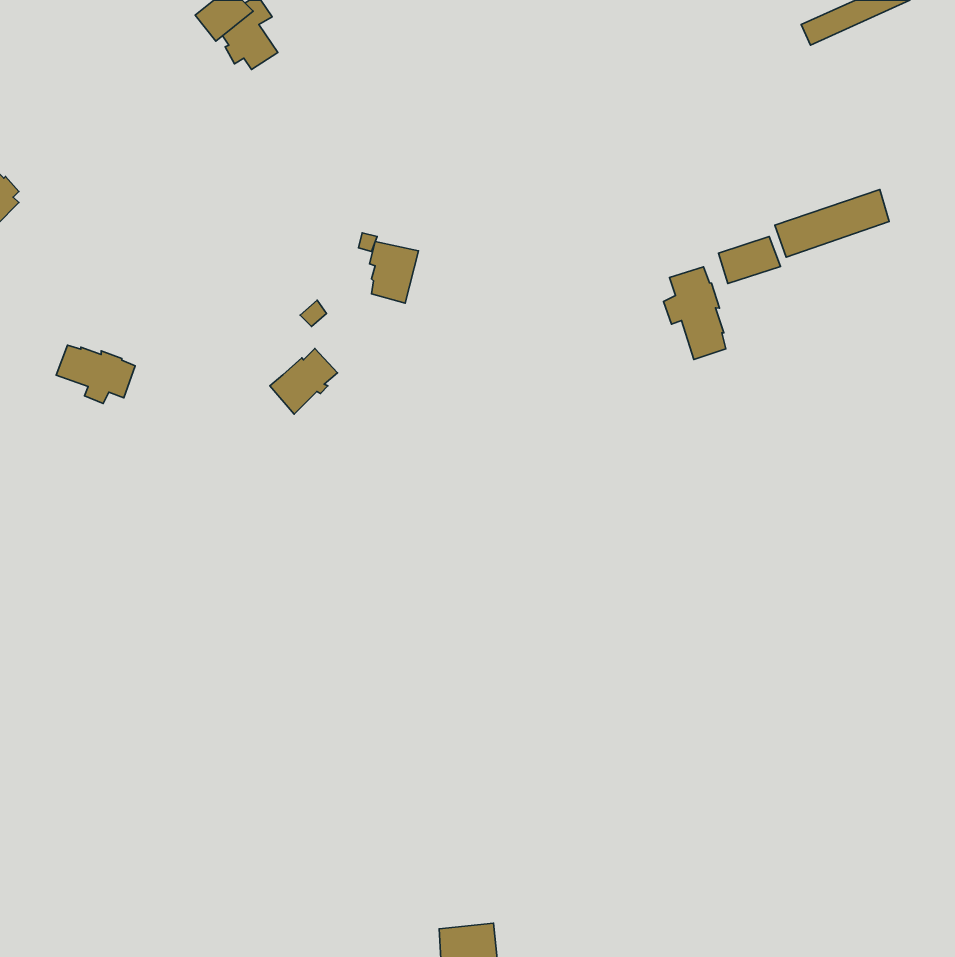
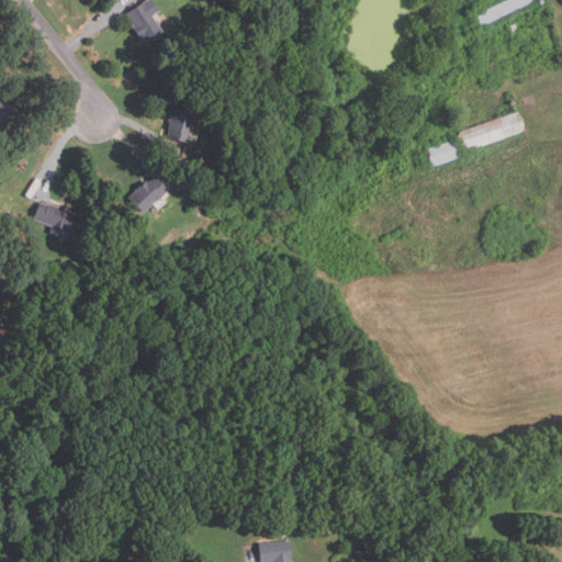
building: [370,241,418,303] -> [166,108,194,144]
building: [663,267,726,359] -> none
building: [270,348,337,414] -> [128,176,168,214]

